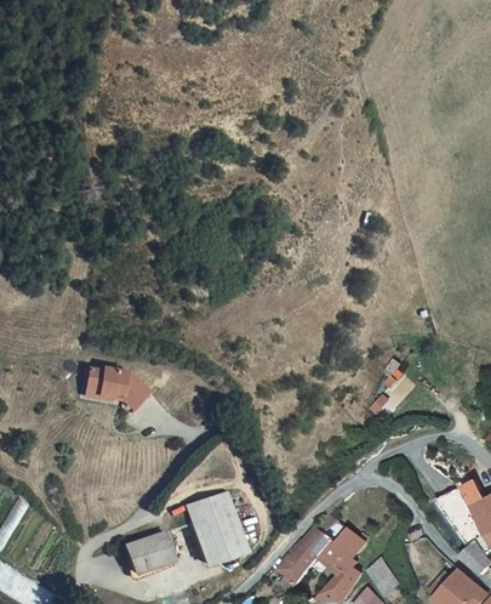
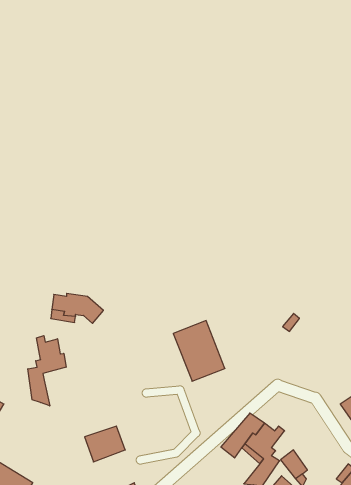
building: none -> [28,336,66,406]
building: [185,490,249,564] -> [173,321,225,381]
building: [276,552,308,589] -> none

